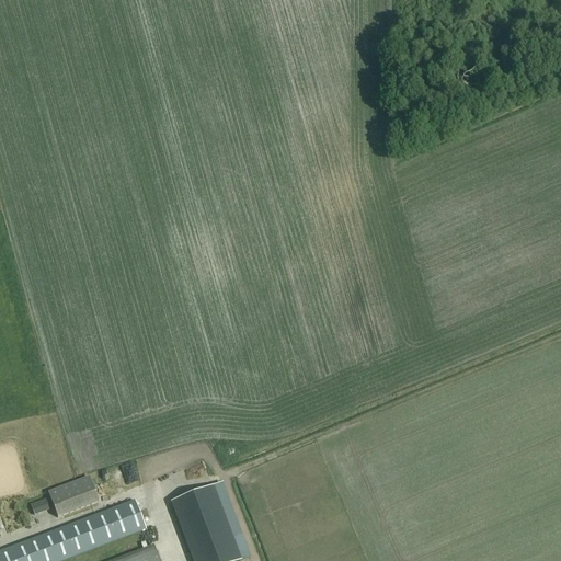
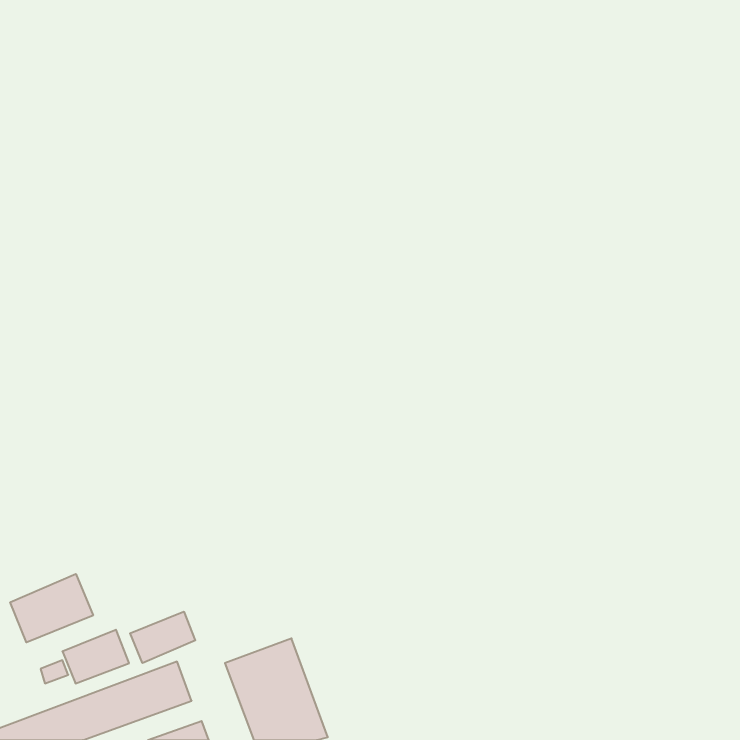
building: none -> [10,574,93,642]
building: none -> [130,612,195,663]

